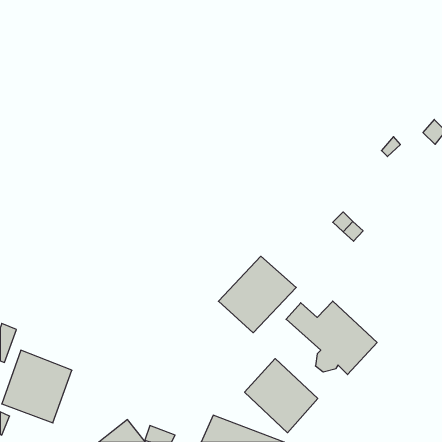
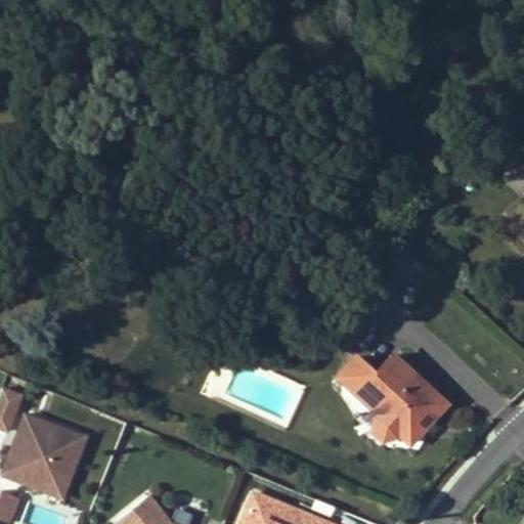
building: [218,256,296,333] -> none
building: [245,359,318,433] -> none

